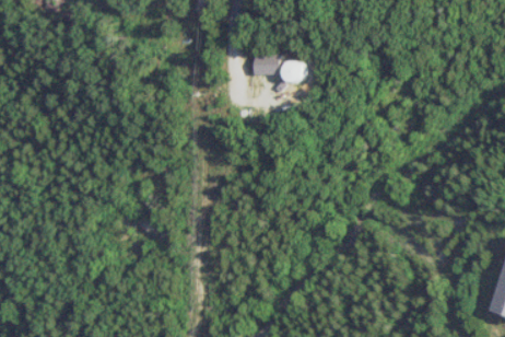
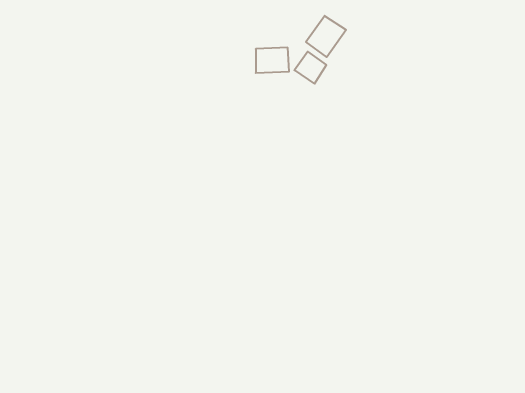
building: none -> [306,16,346,57]

